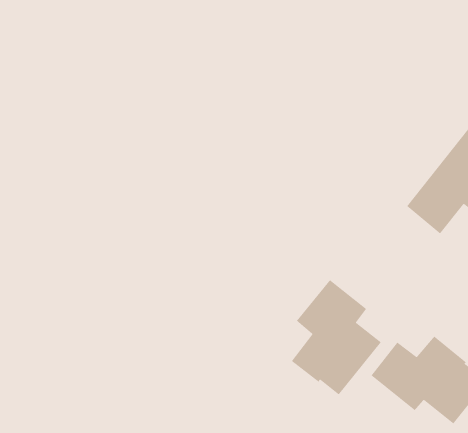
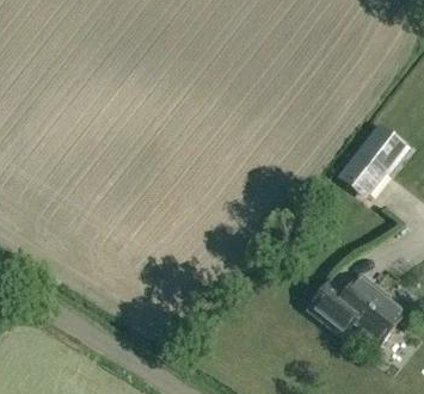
building: [291,279,382,396] -> none

